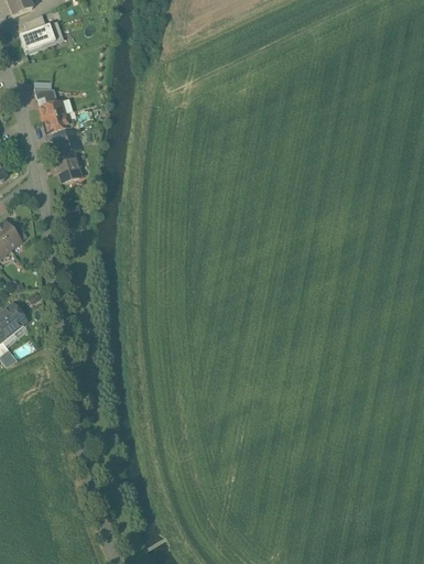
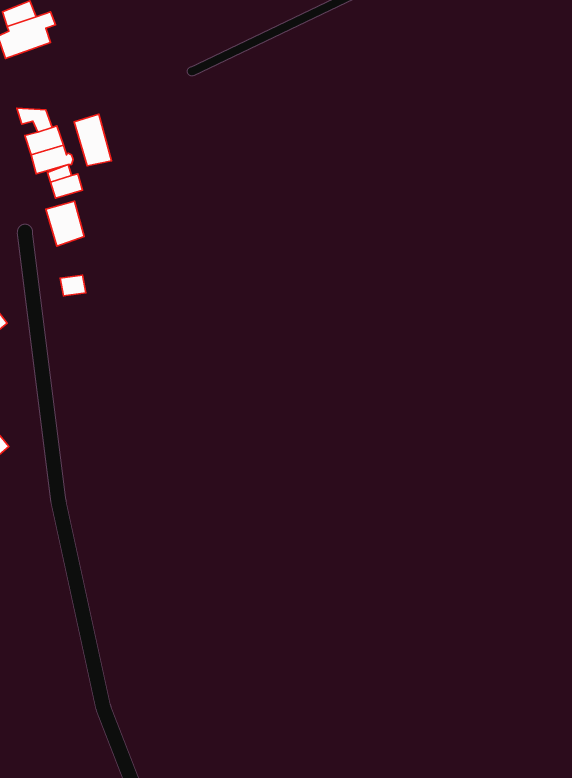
building: none -> [74,114,111,166]

